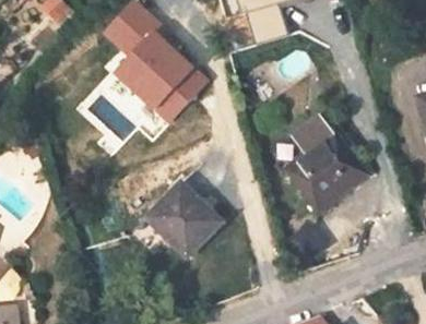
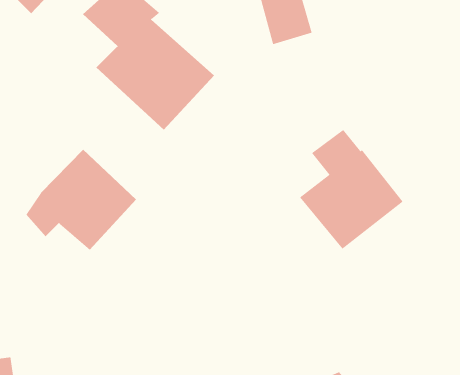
building: [134,173,225,256] -> [26,149,137,251]

